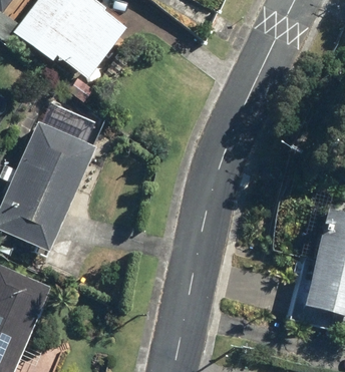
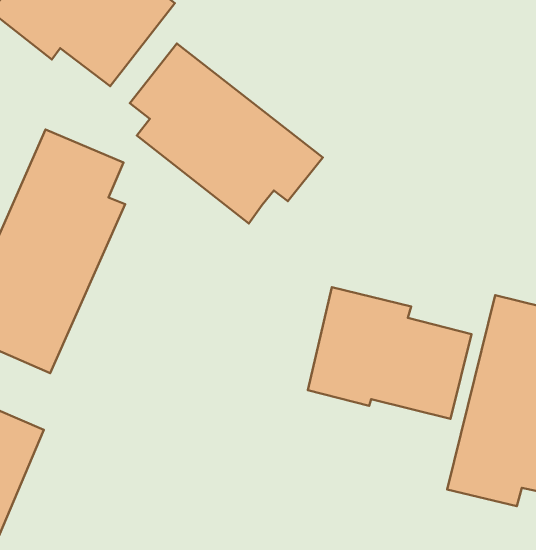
building: none -> [130,43,323,224]
building: none -> [308,287,471,419]

